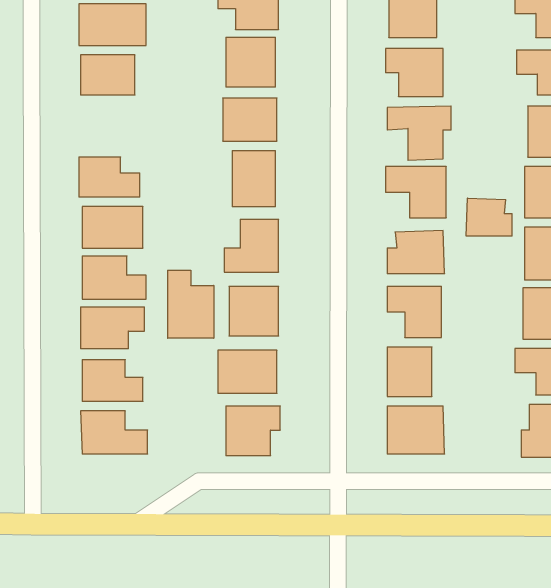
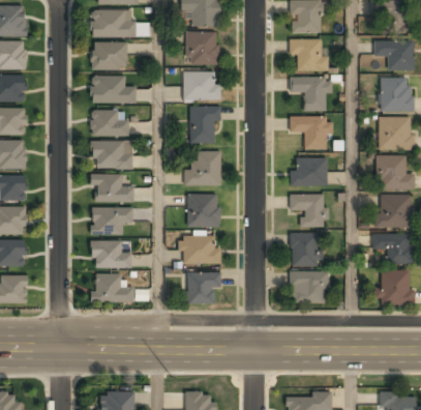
building: none -> [90,76,136,102]
building: [466,198,512,236] -> none
building: [168,270,214,338] -> none

